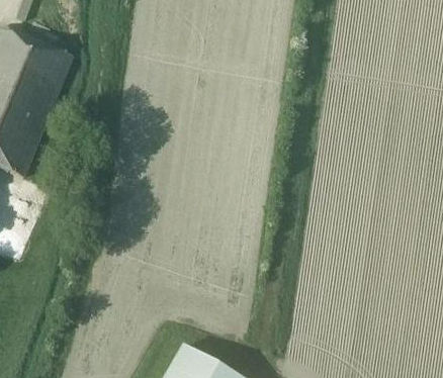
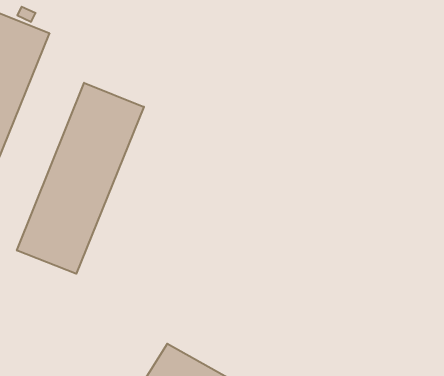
building: none -> [17,83,144,274]

